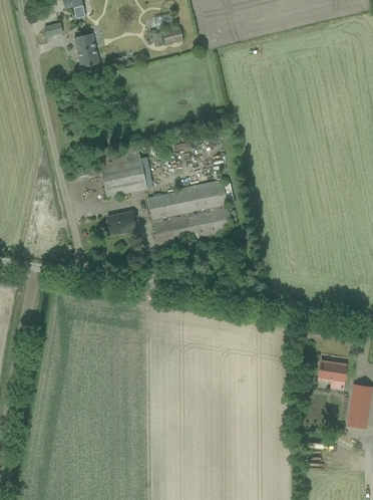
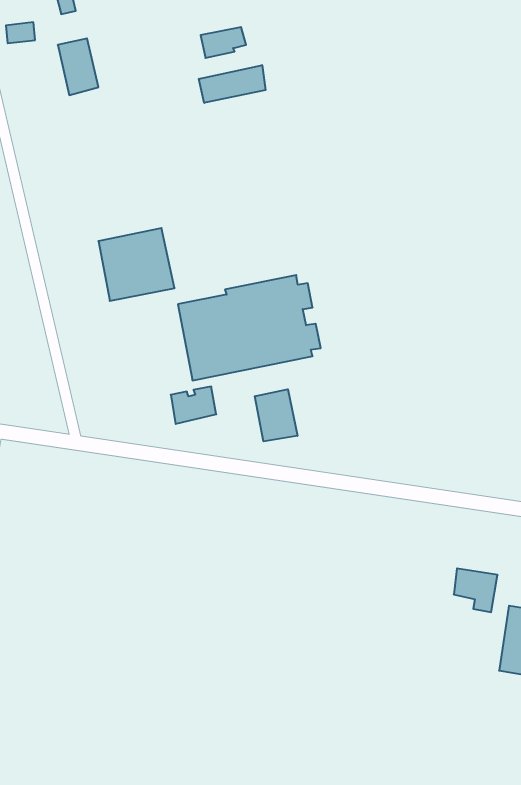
building: none -> [199,65,266,103]
building: [107,212,135,235] -> [171,387,216,424]
building: none -> [255,389,297,441]

